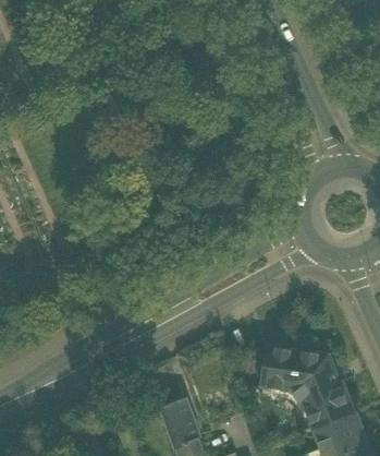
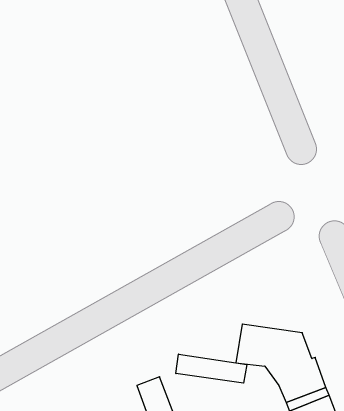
building: none -> [176,354,247,383]

